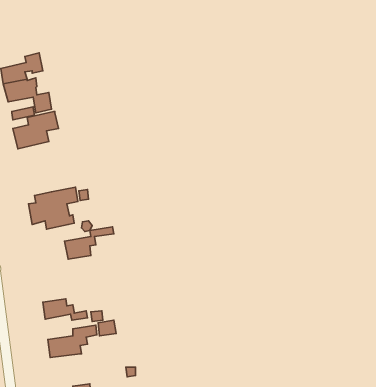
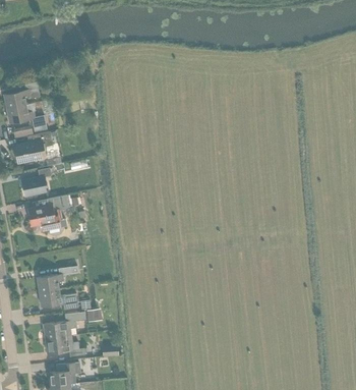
building: none -> [20,168,50,196]
building: [65,227,114,259] -> [36,266,77,293]
building: none -> [45,337,83,356]

